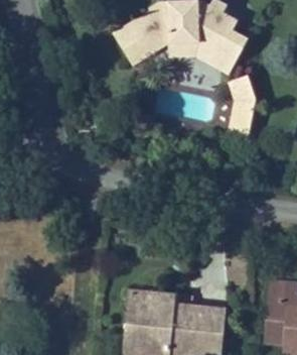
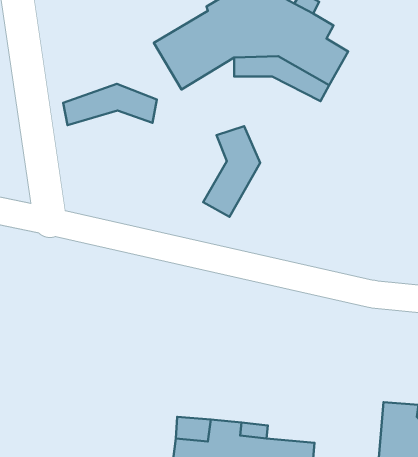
building: none -> [63,84,157,125]
building: [221,77,261,139] -> [203,126,260,217]

